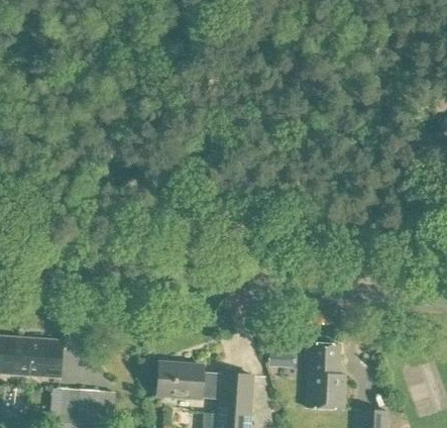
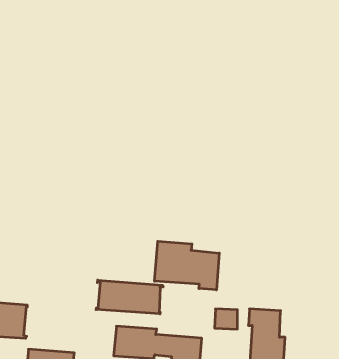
building: none -> [155,241,219,290]
building: none -> [96,280,163,314]

